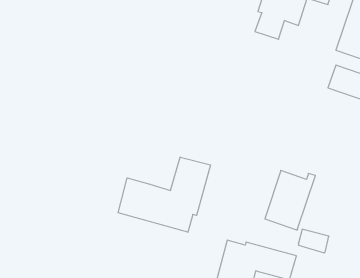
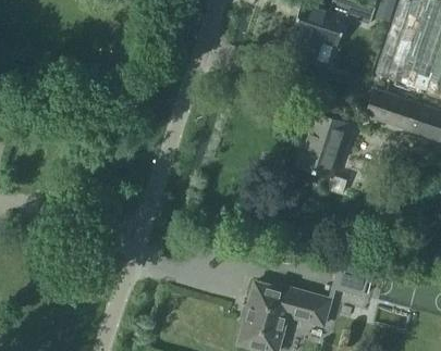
building: [118,157,210,232] -> none
building: [265,170,315,230] -> [296,112,352,177]

